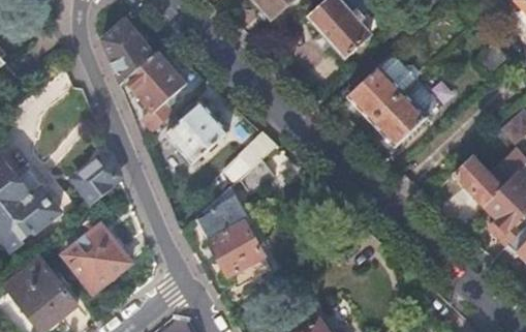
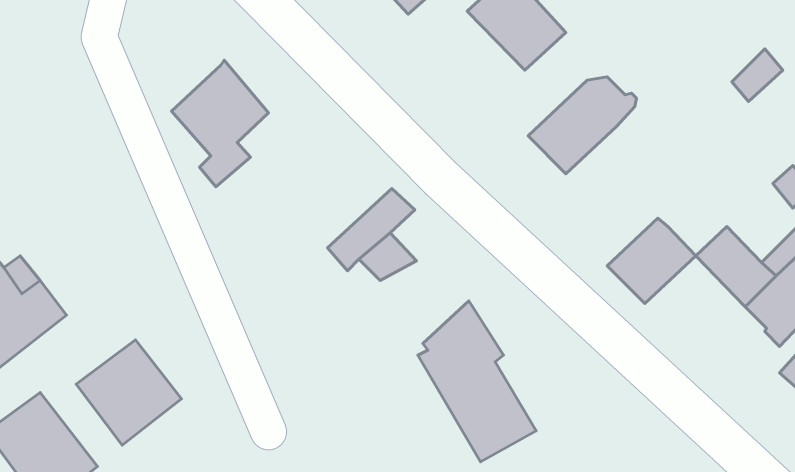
building: [100,19,154,86] -> none
building: [371,91,427,145] -> [607,218,696,304]
building: [164,100,228,163] -> none
building: [73,155,117,203] -> none
building: [195,187,270,289] -> [418,301,536,462]

